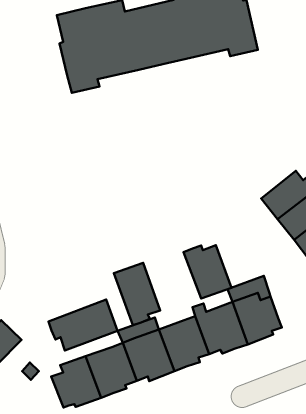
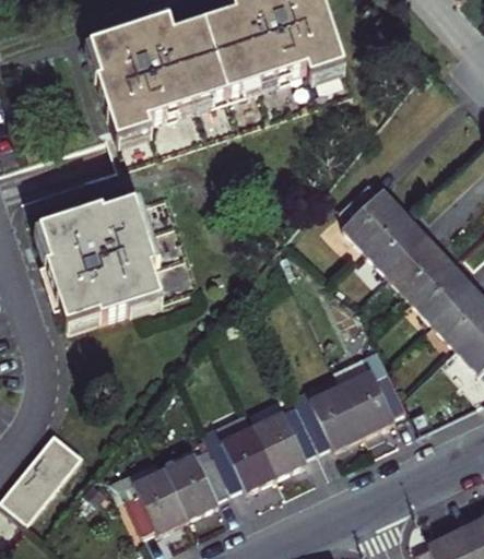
building: none -> [40,203,162,326]
building: none -> [339,182,405,252]
building: [184,245,231,299] -> none
building: [114,263,160,325] -> none
building: [49,300,118,350] -> none

